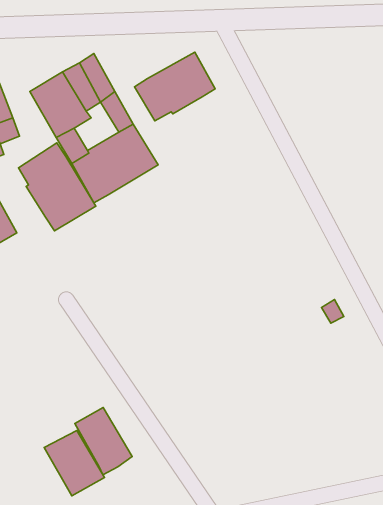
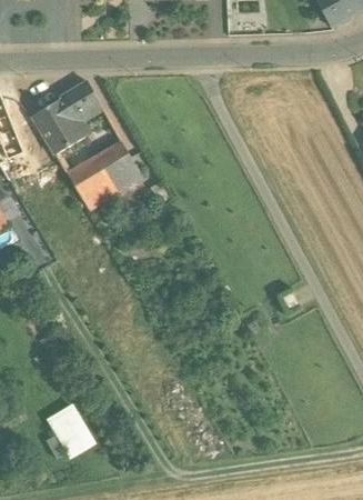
building: [134,52,215,121] -> none
building: [18,143,96,231] -> none
building: [75,407,132,475] -> none

